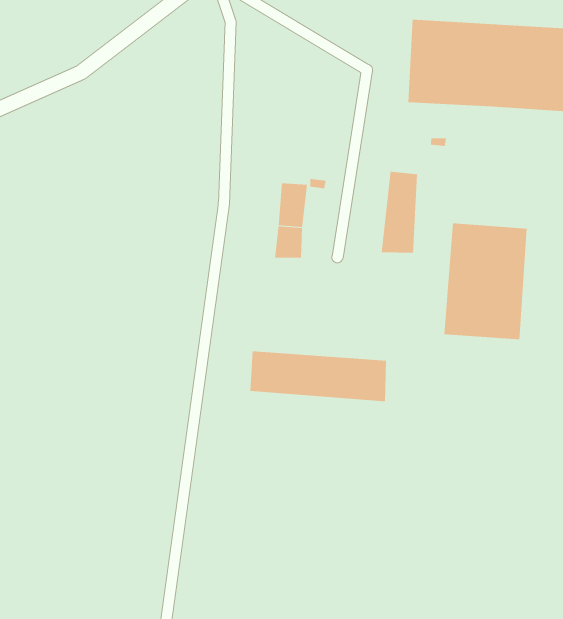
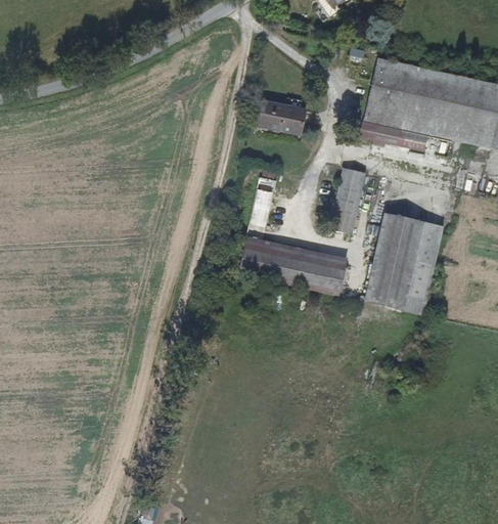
building: none -> [259,100,304,134]
building: none -> [362,120,427,148]
building: [249,351,387,402] -> [238,235,344,288]

